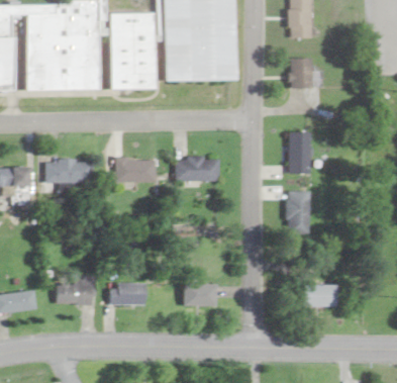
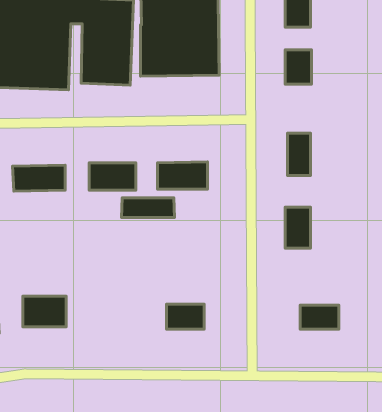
building: none -> [121,198,174,218]
building: [110,282,144,304] -> none

